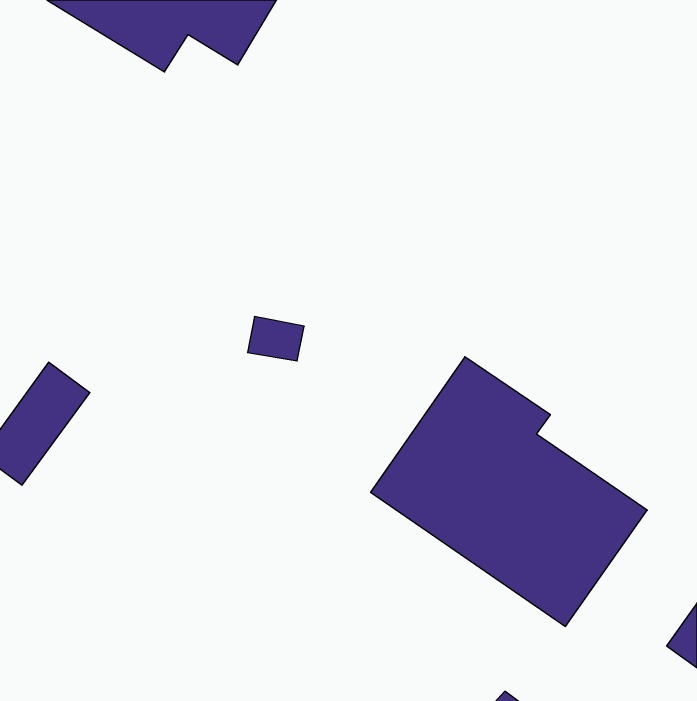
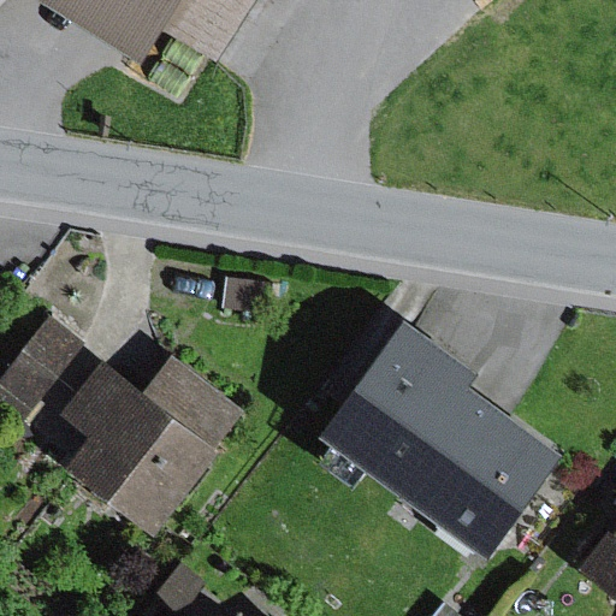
building: none -> [55,357,242,533]

